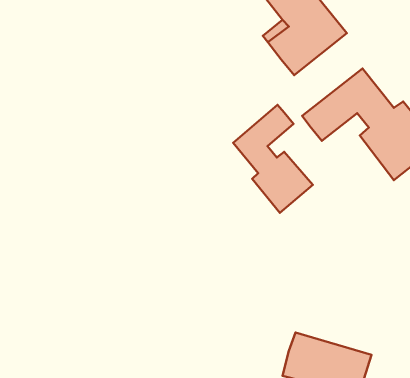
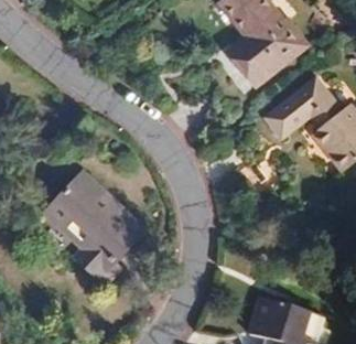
building: [233,105,313,213] -> none
building: none -> [45,174,142,281]

